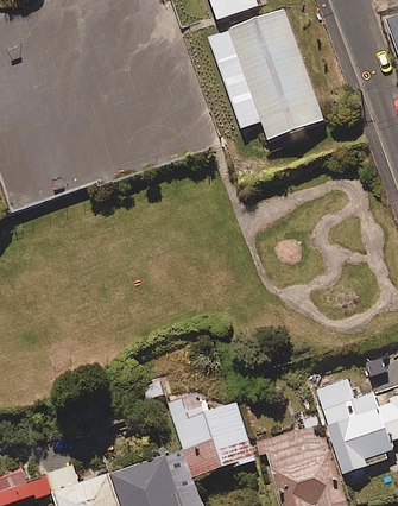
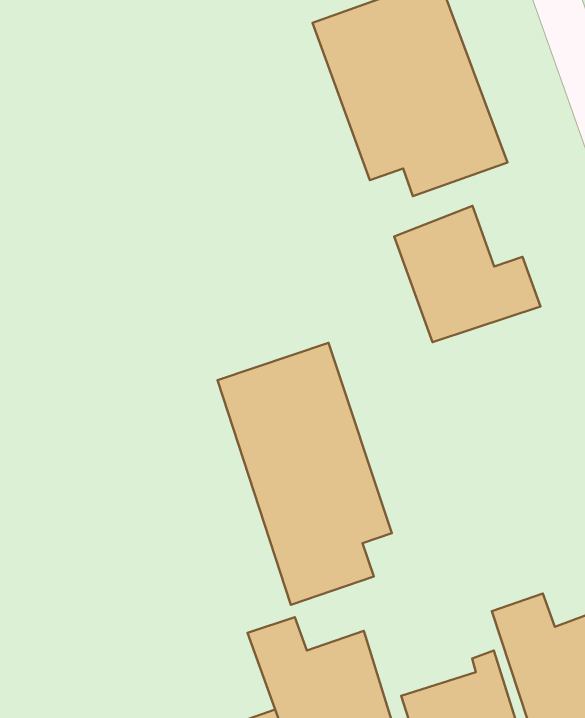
building: none -> [394,206,541,342]
building: none -> [218,343,392,605]

